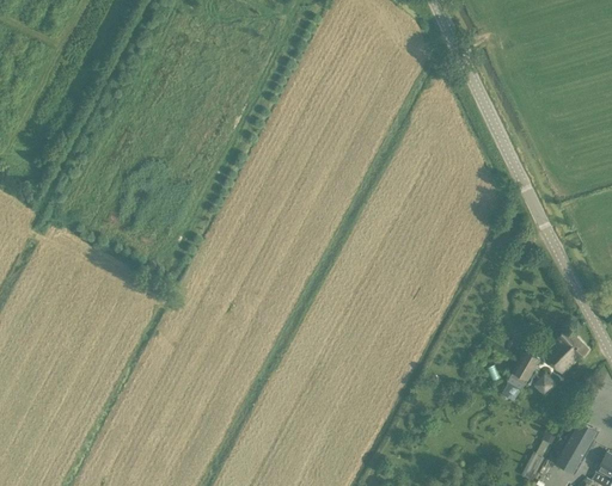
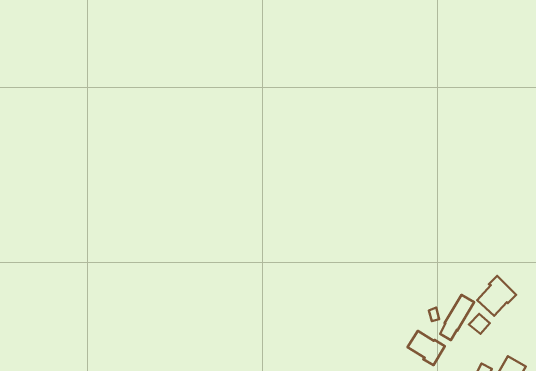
building: none -> [408,331,445,365]

